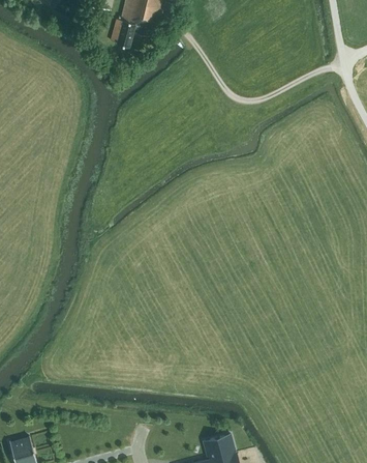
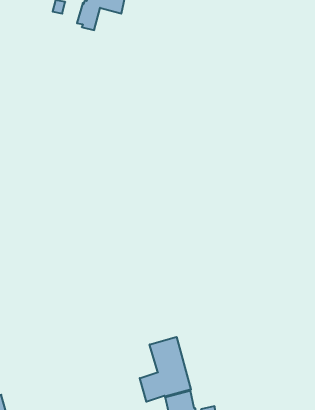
building: none -> [140,337,191,402]

